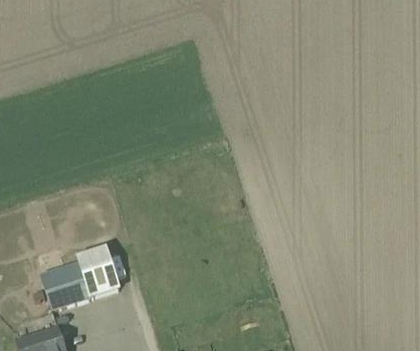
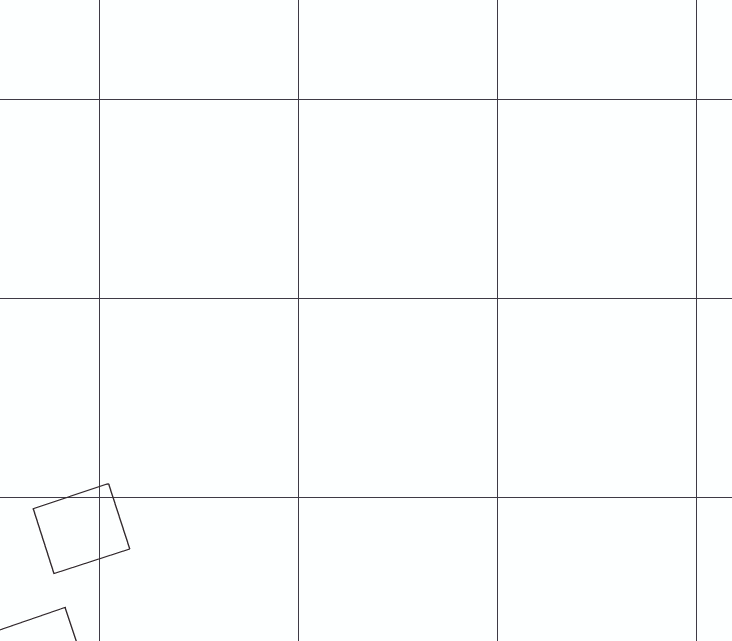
building: [79,248,120,296] -> none

